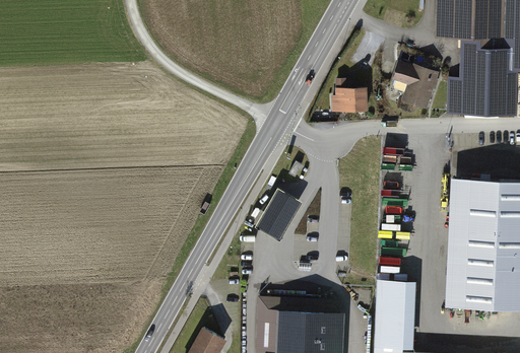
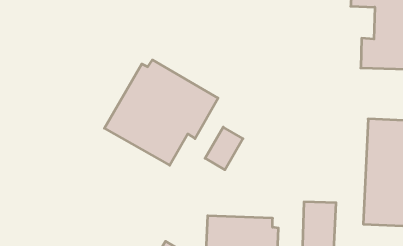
building: [394,62,440,109] -> none
building: [332,80,371,115] -> none
building: none -> [104,60,218,165]

